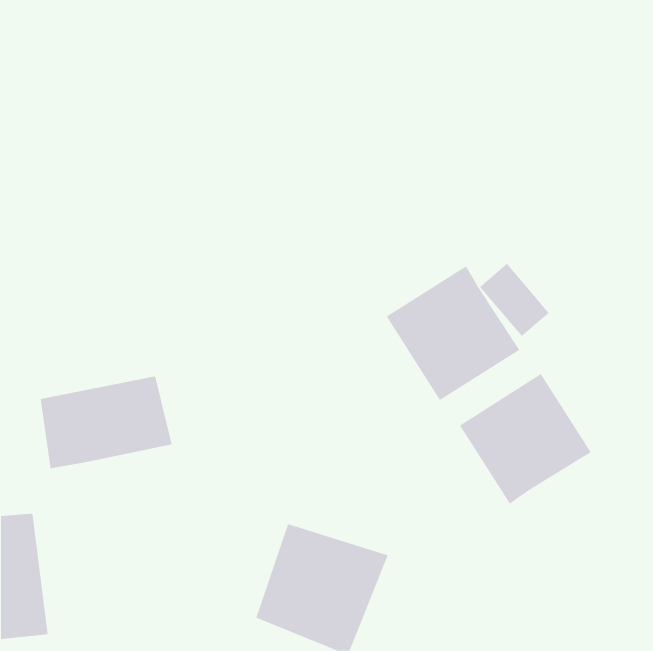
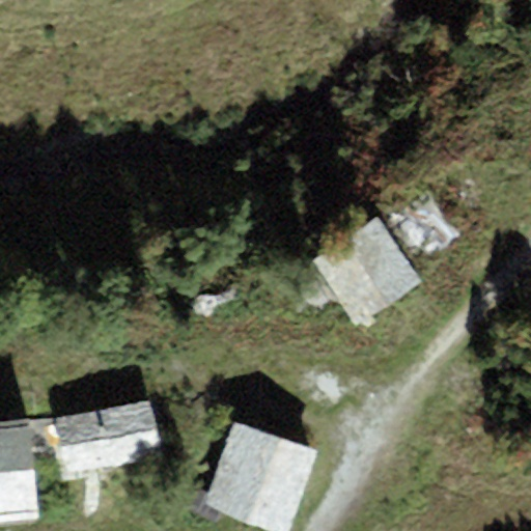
building: [459,373,592,504] -> none
building: [40,376,173,469] -> [55,399,163,475]

